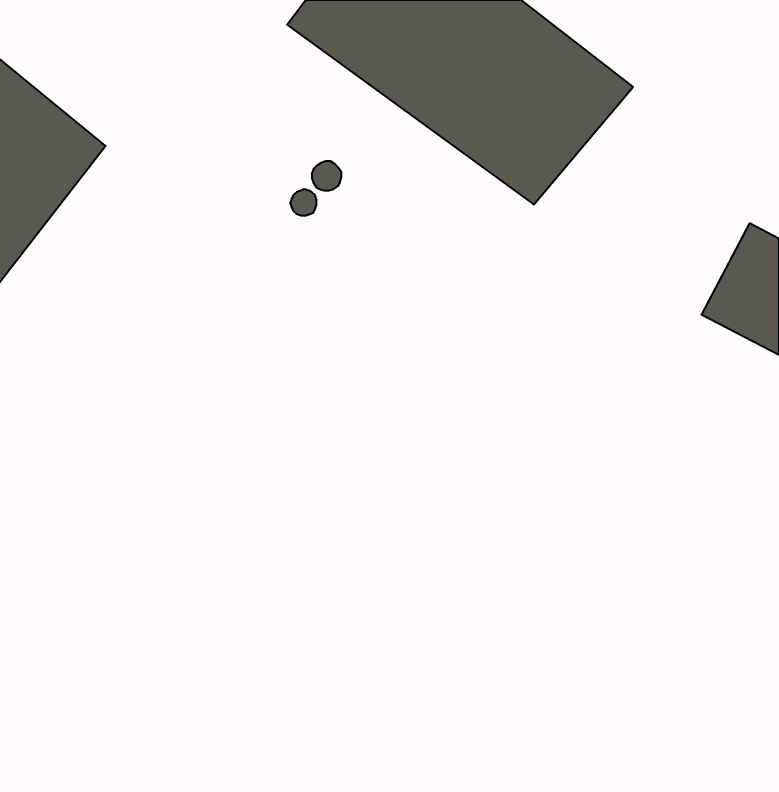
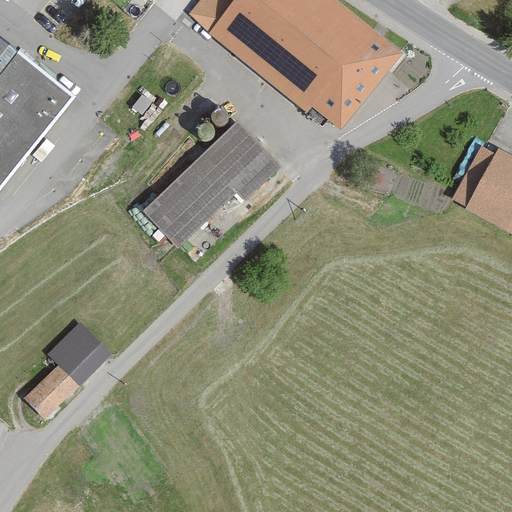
building: none -> [141,120,282,247]
building: none -> [26,323,113,420]

